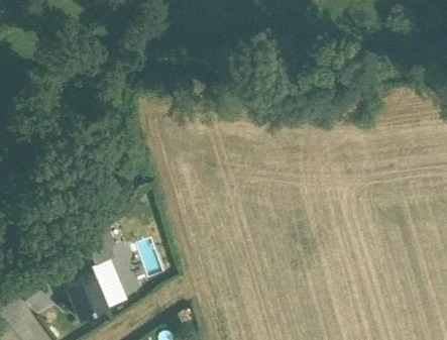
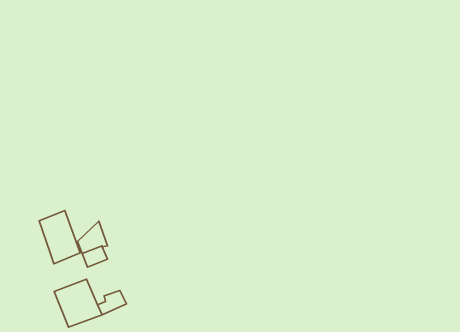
building: none -> [39,211,80,264]

